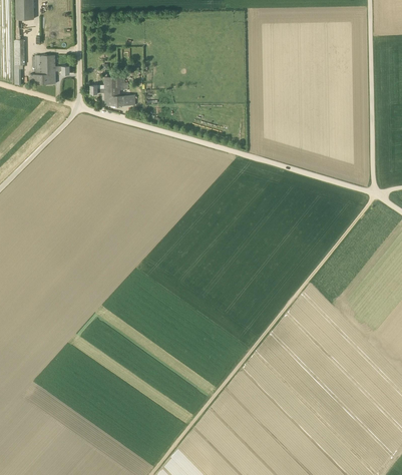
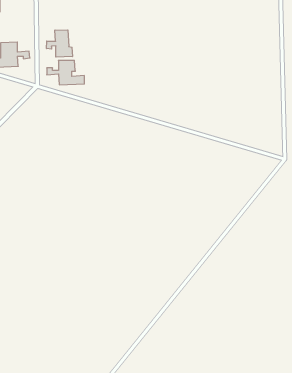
building: none -> [47,30,72,57]

